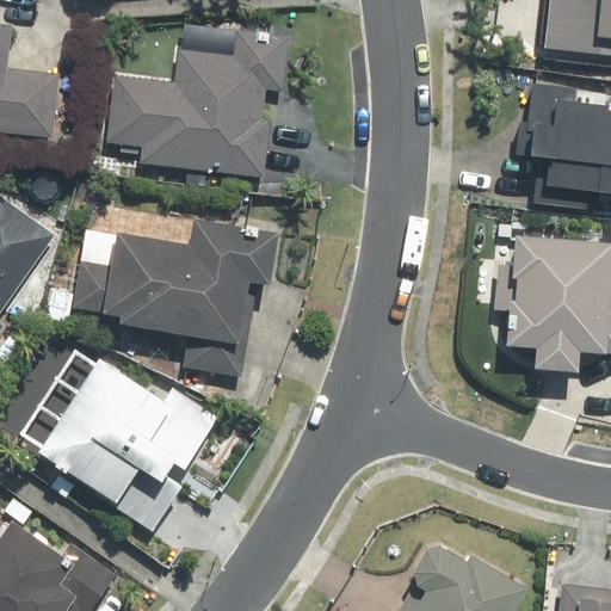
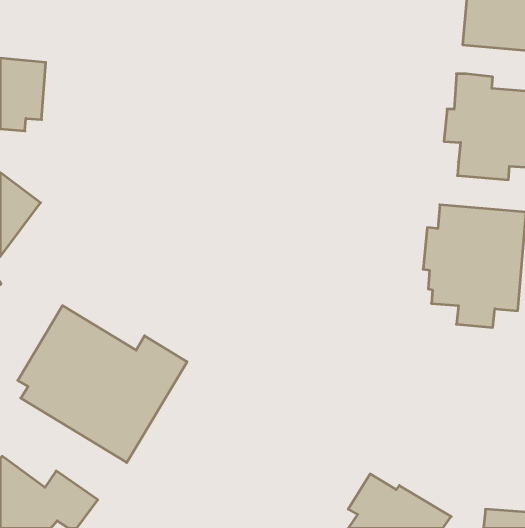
building: [110,31,289,177] -> none
building: [73,220,274,379] -> none

